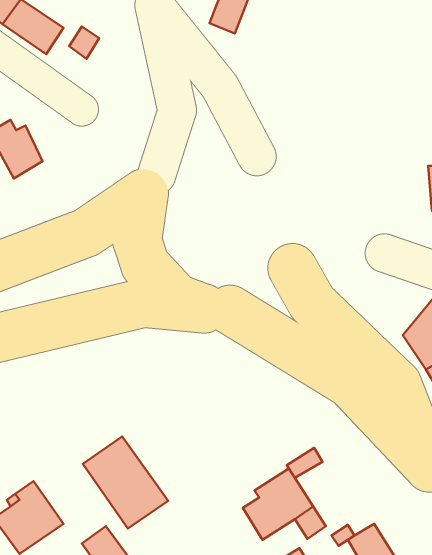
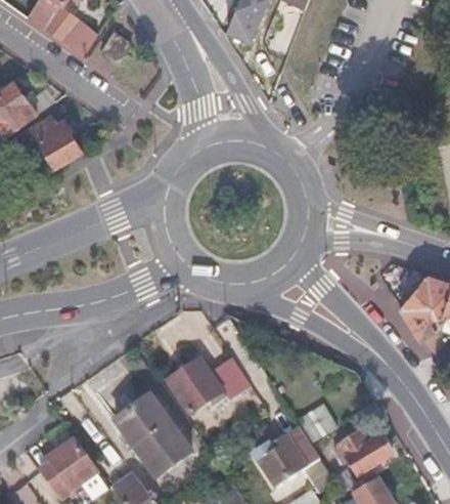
building: none -> [167,358,251,416]
building: none -> [340,432,394,478]

